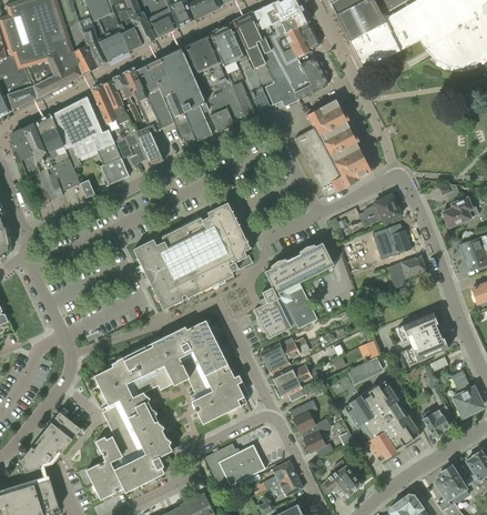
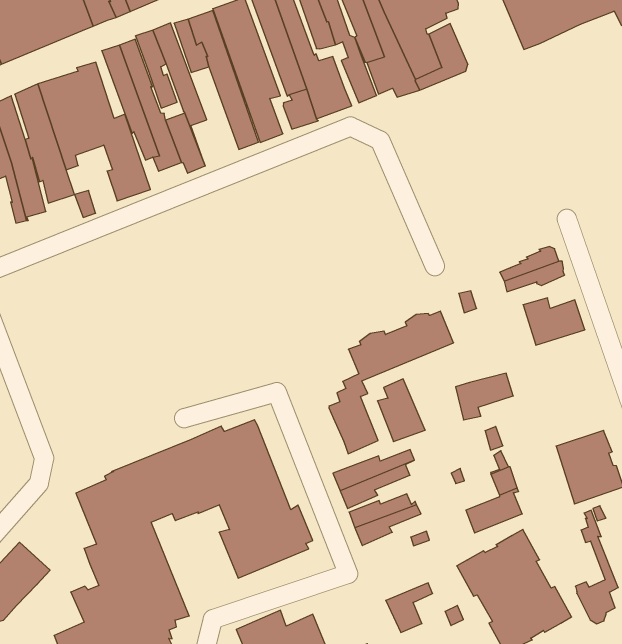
building: [293,99,373,196] -> none
building: [133,202,251,310] -> none
building: [388,255,426,287] -> [456,373,513,420]
building: [290,400,326,432] -> none

